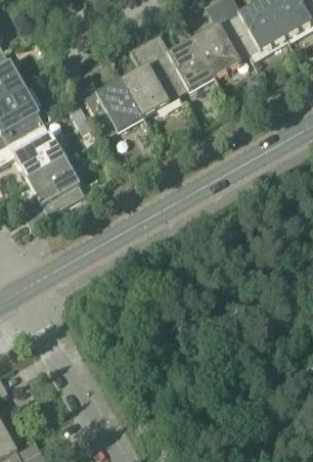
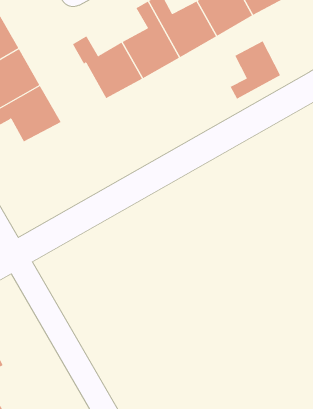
building: none -> [230,40,281,99]
building: [21,157,84,227] -> none

